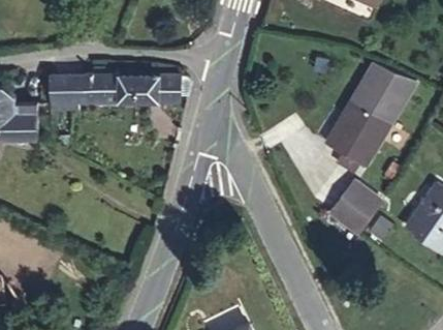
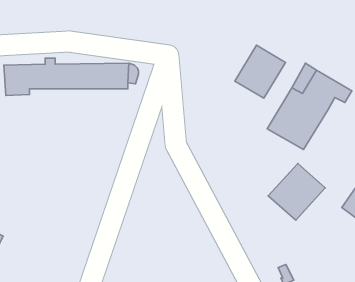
building: none -> [235,45,285,98]

